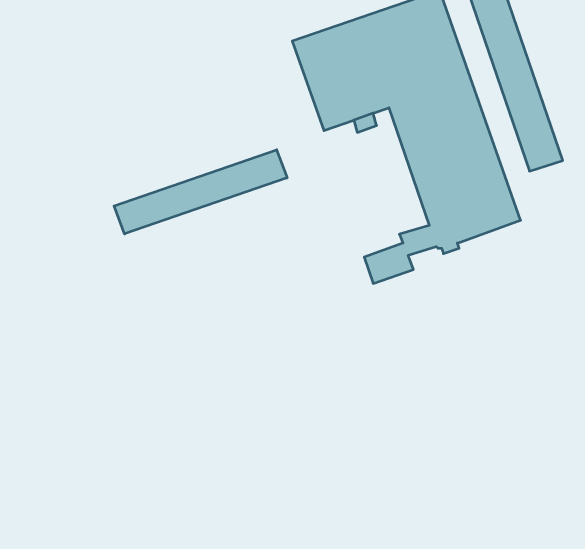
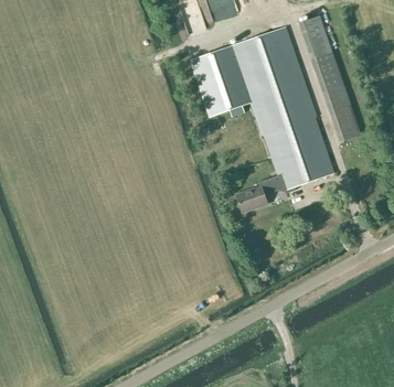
building: [114,150,287,234] -> none

